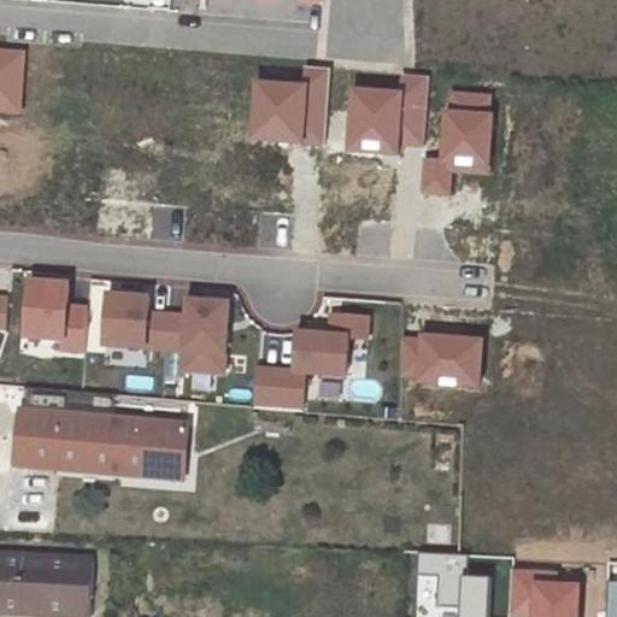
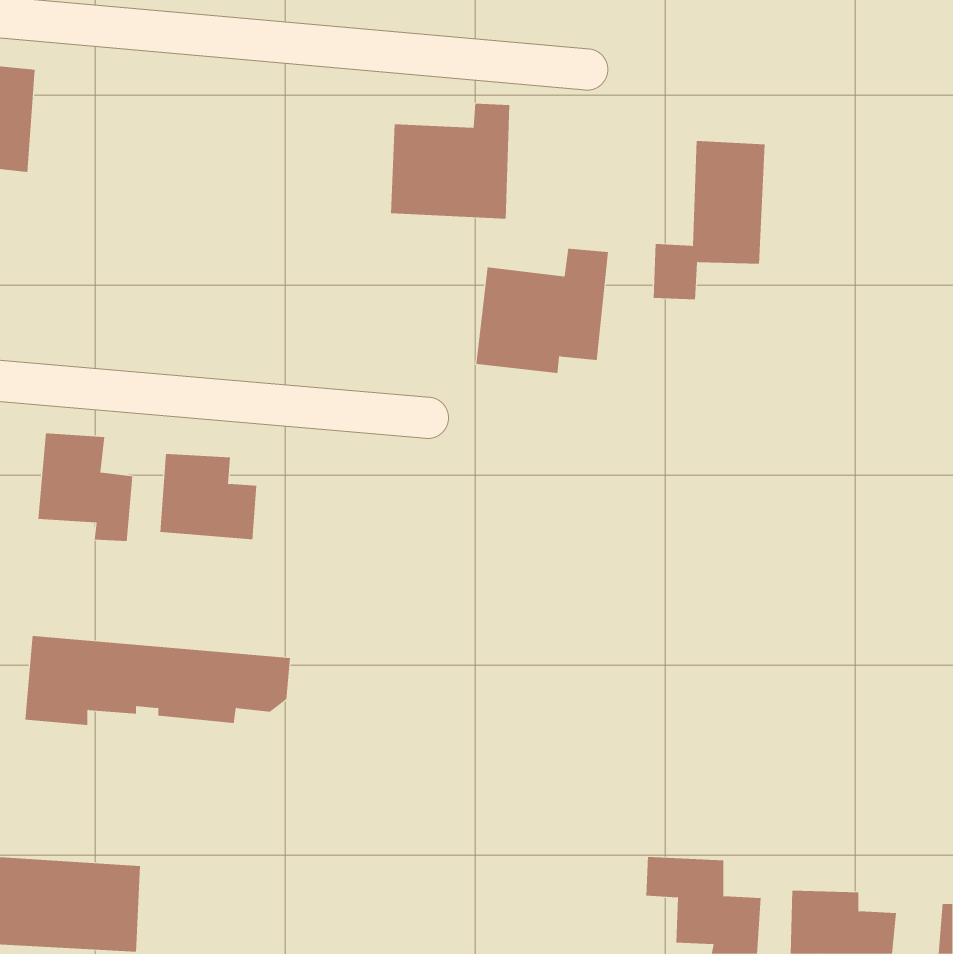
building: [345,74,430,154] -> [476,248,609,374]
building: [163,298,227,370] -> none
building: [251,313,366,409] -> none
building: [396,333,482,388] -> none
building: [57,449,184,477] -> none

